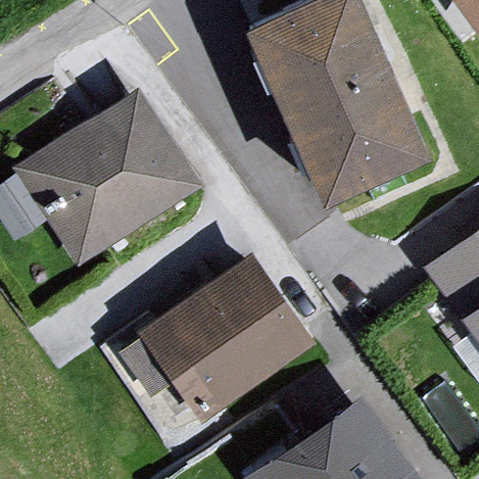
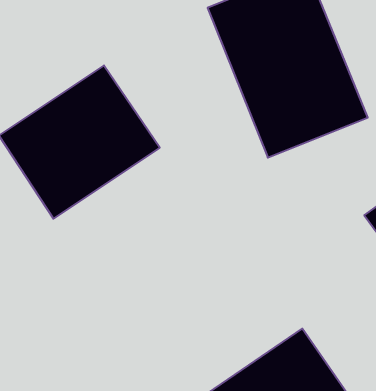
building: [130,257,302,422] -> none

